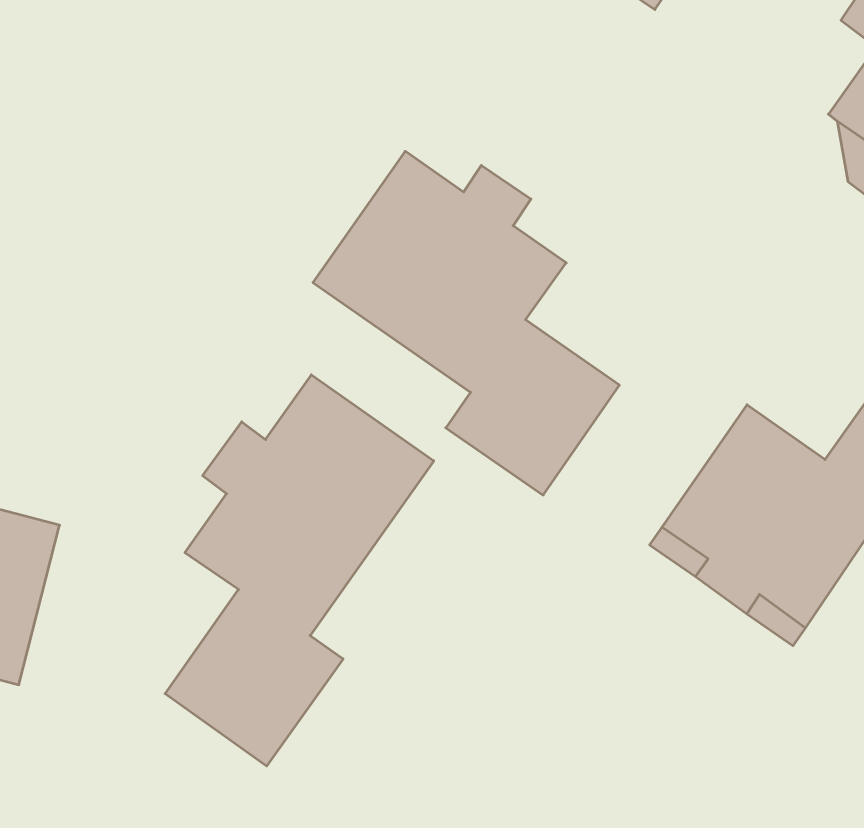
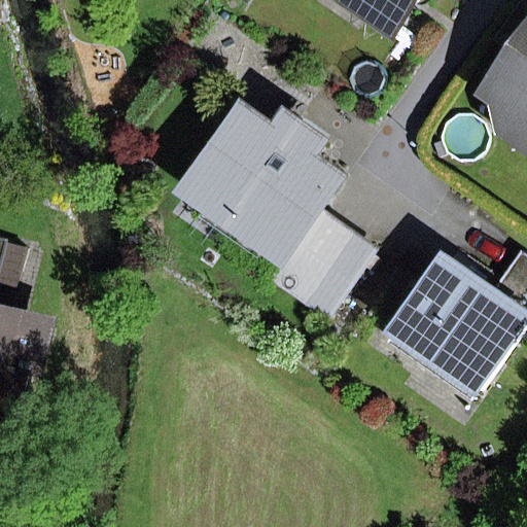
building: [165,375,434,766] -> none

